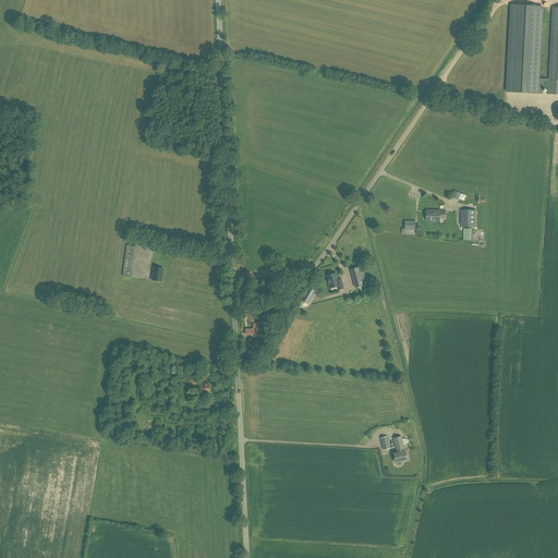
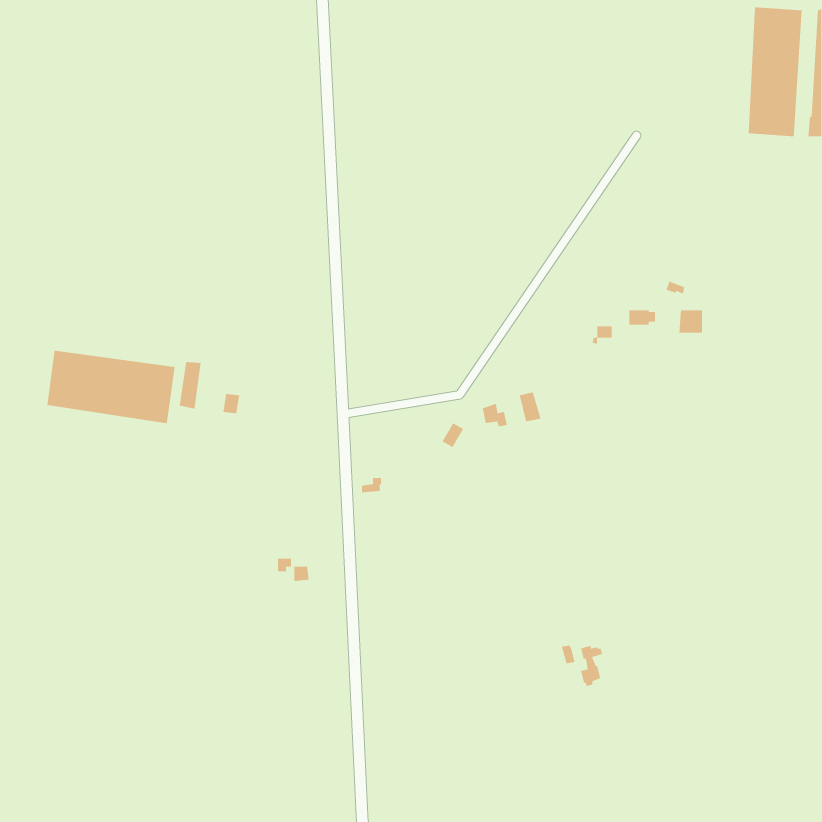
building: none -> [47,350,175,424]

